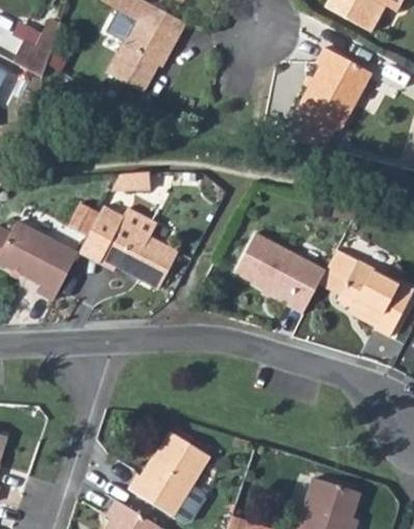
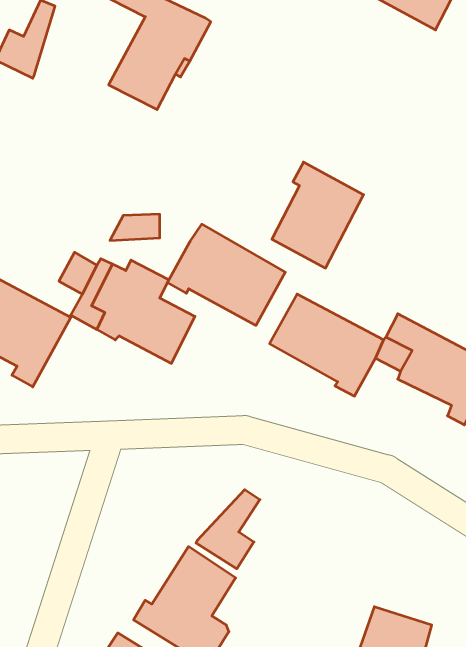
building: [295,40,368,124] -> [272,162,364,268]
building: none -> [167,224,285,325]
building: none -> [196,490,260,569]

